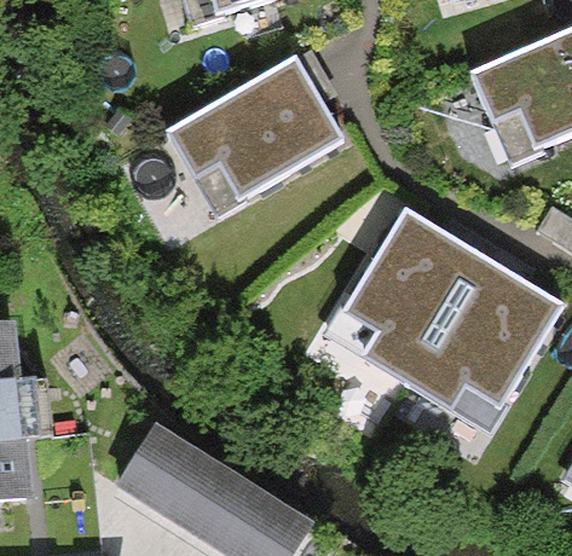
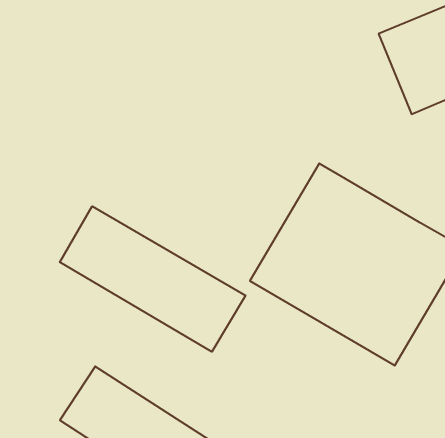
building: [169,53,345,209] -> none
building: none -> [60,206,245,352]

